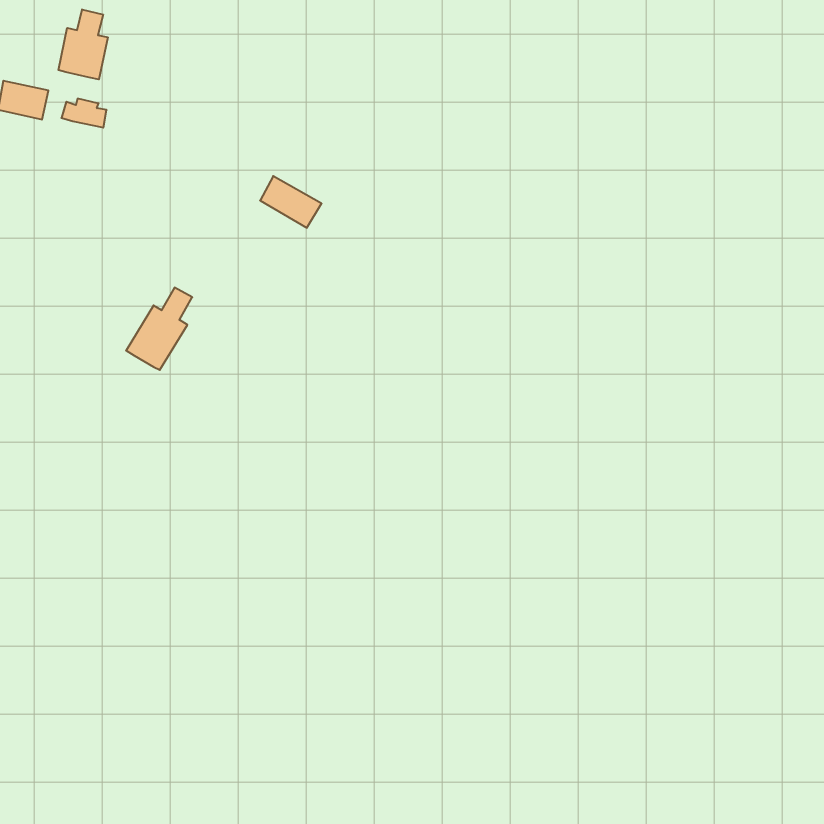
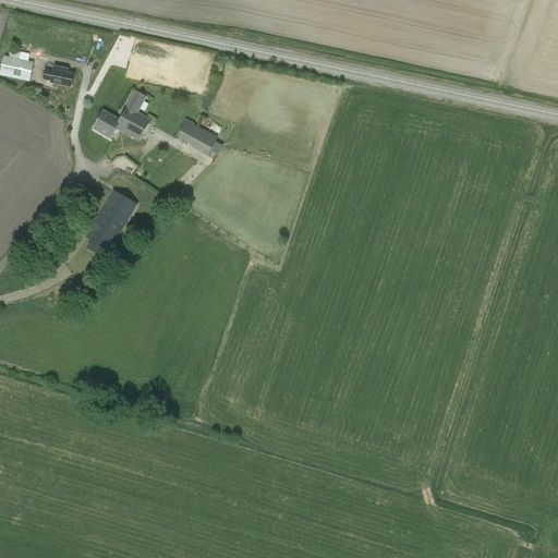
building: [58,9,108,79] -> none
building: none -> [92,90,149,142]

